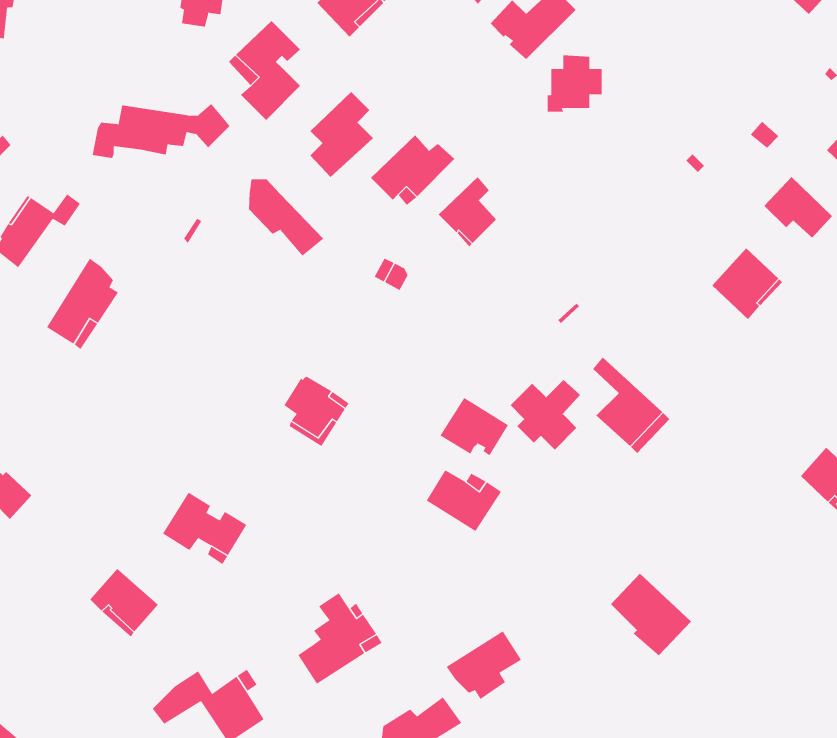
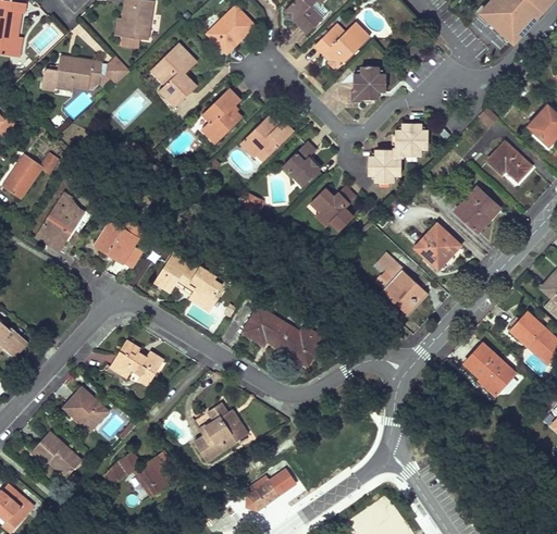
building: [92,103,231,159] -> [41,55,128,90]
building: none -> [368,123,429,182]
building: [248,179,324,257] -> none
building: none -> [95,222,143,268]
building: none -> [414,223,460,269]
building: none -> [154,252,197,293]
building: [510,379,581,450] -> [311,186,356,231]
building: [440,397,509,456] -> [244,308,287,345]
building: [610,573,692,656] -> [465,343,516,395]
building: [446,630,522,700] -> none
building: none -> [32,431,82,475]

